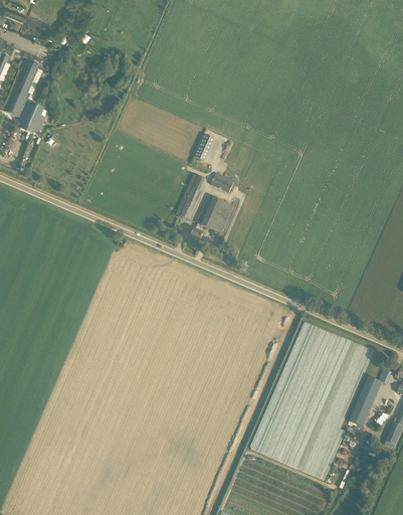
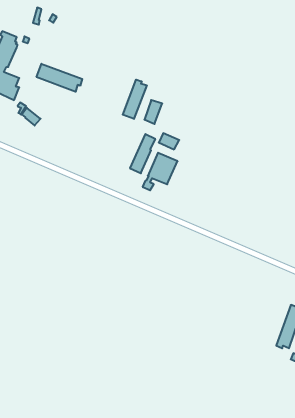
building: none -> [37,64,82,92]
building: none -> [123,80,147,119]

